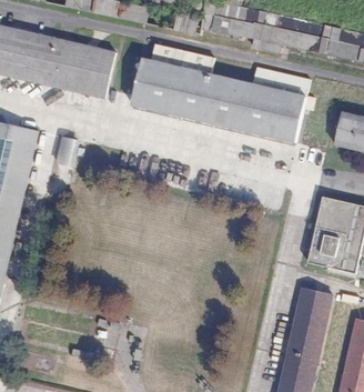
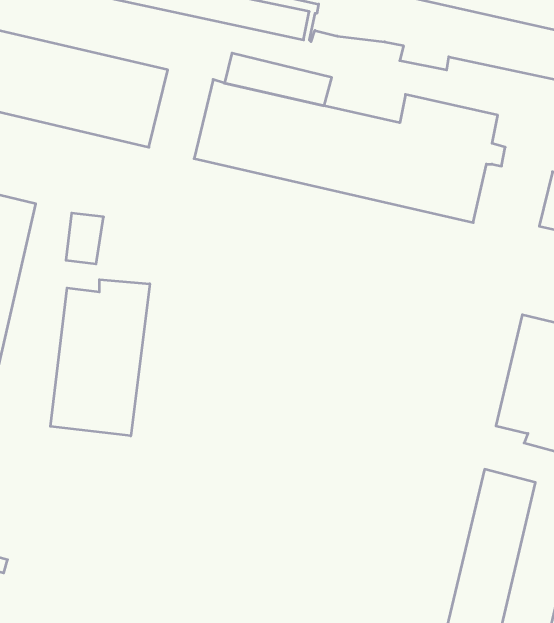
building: none -> [50,280,150,436]

